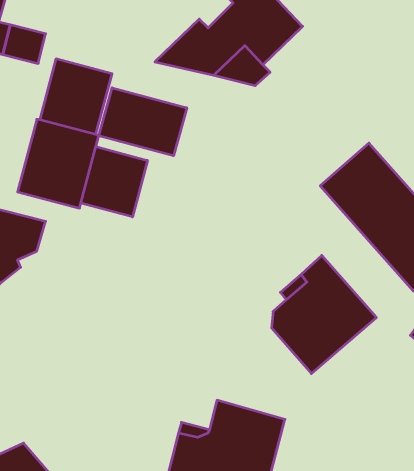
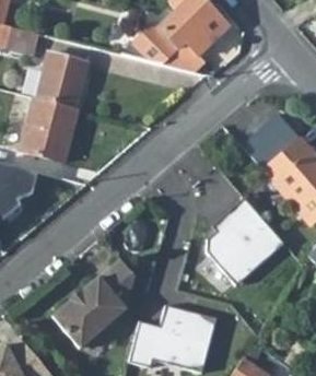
building: [99,88,187,156] -> none
building: [81,147,147,217] -> none
building: none -> [52,259,134,348]

